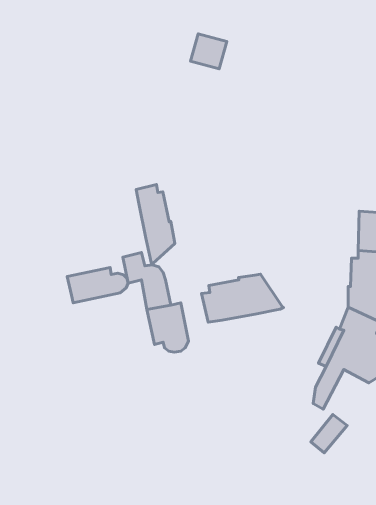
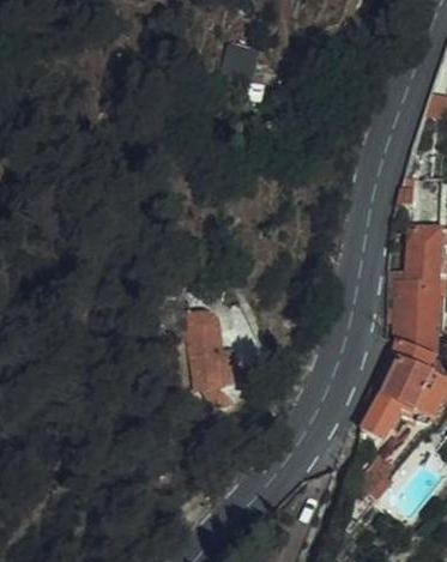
building: [136,184,175,265] -> none
building: [67,268,128,303] -> none
building: [202,274,283,322] -> none

